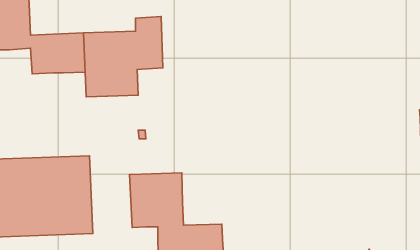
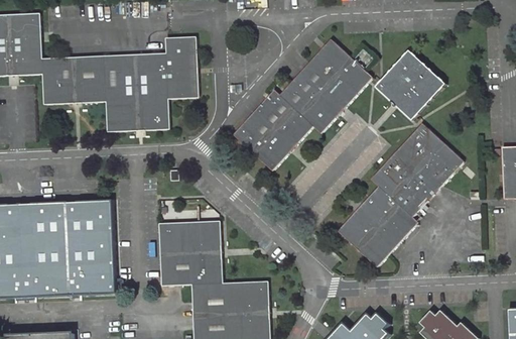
building: none -> [231,38,371,171]
building: none -> [375,50,445,120]
building: none -> [336,123,463,267]

